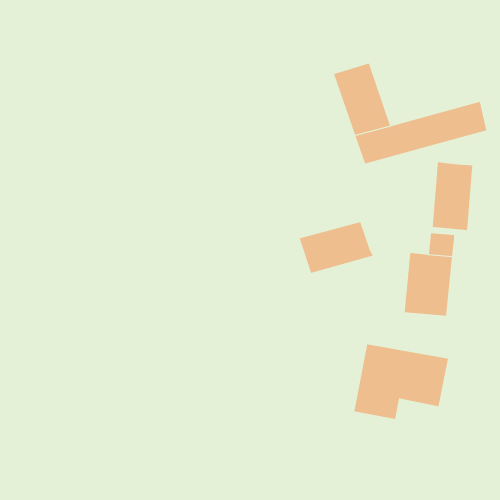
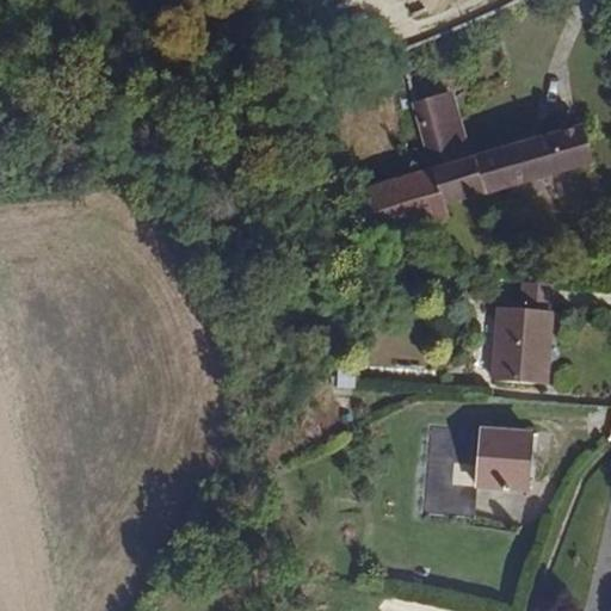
building: [432,162,473,231] -> none
building: [299,222,374,274] -> [356,167,446,230]

